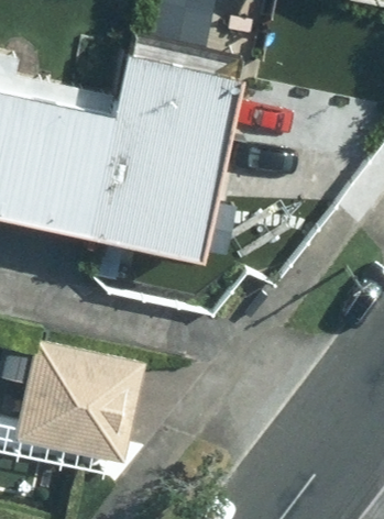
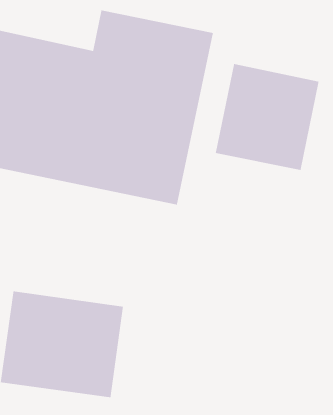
building: none -> [215,63,320,171]

